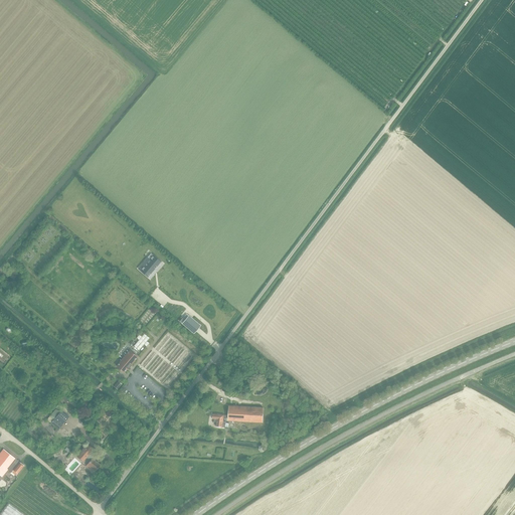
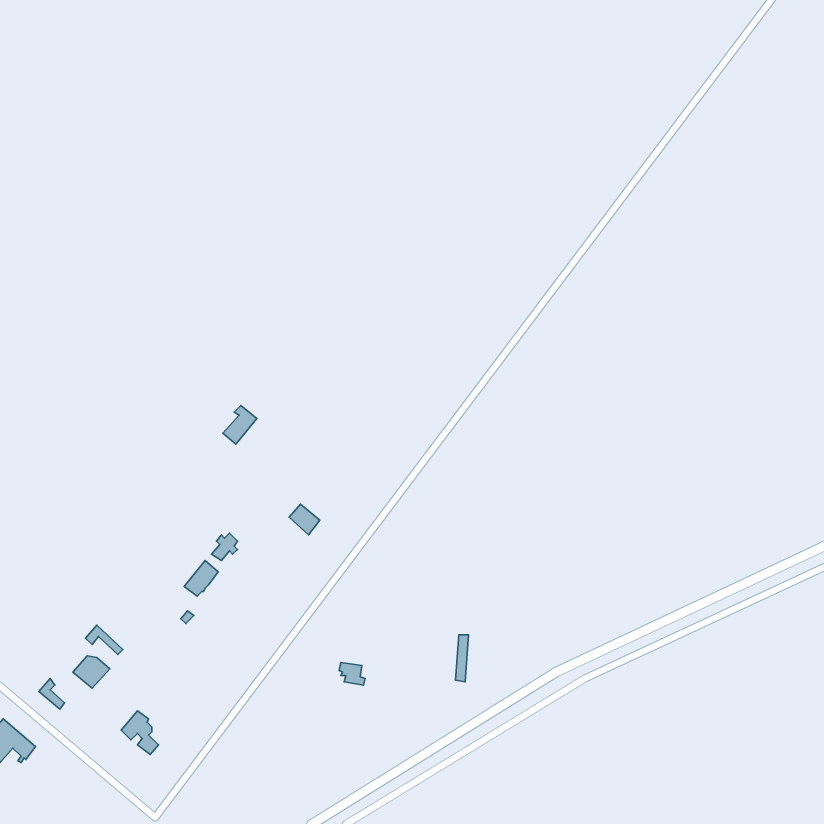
building: [227,405,263,421] -> none

